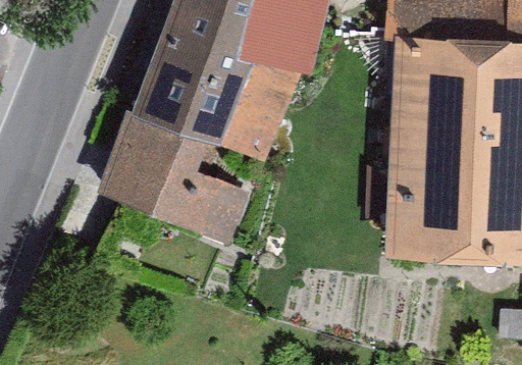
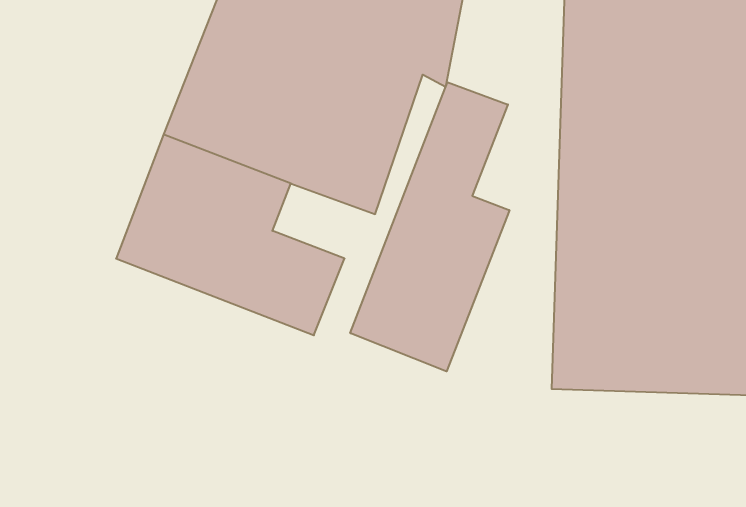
building: none -> [350,82,509,371]

